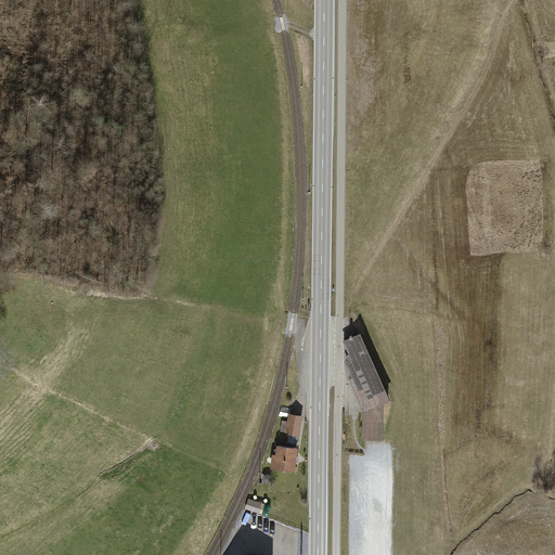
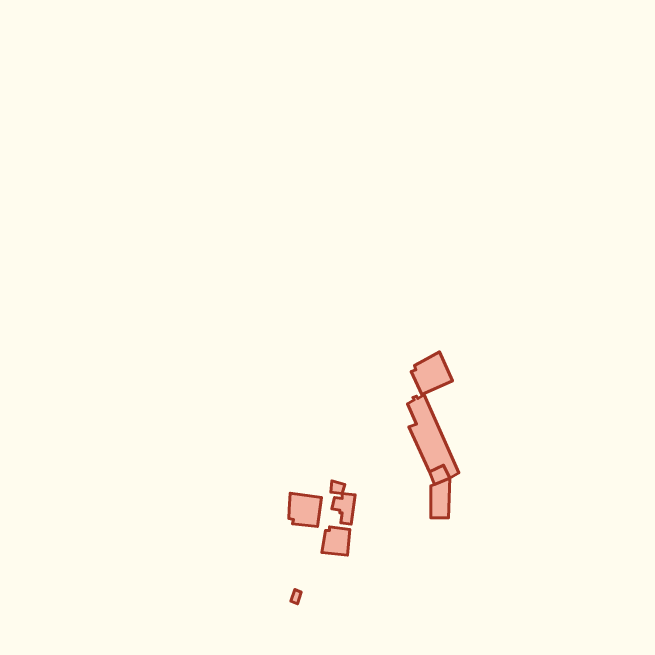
building: none -> [411,352,452,394]
building: none -> [289,493,321,526]

